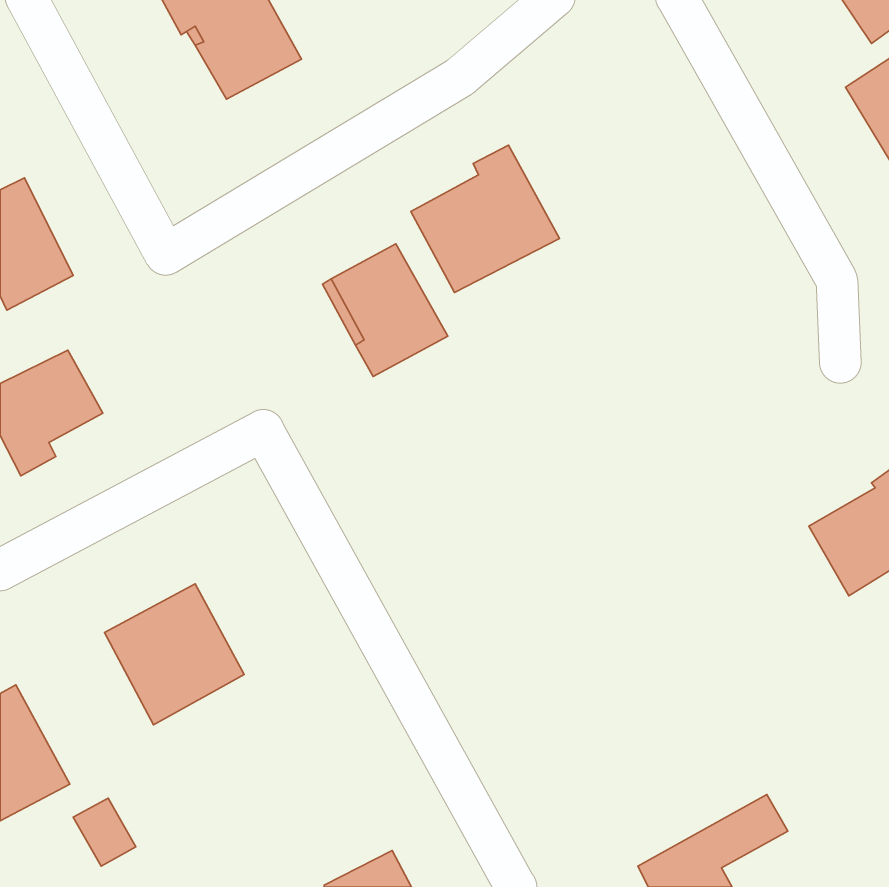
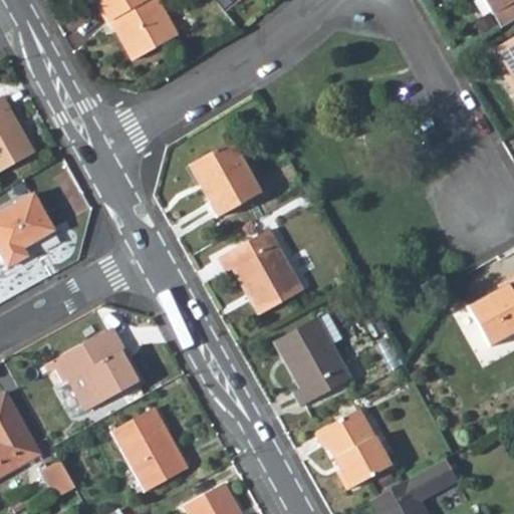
building: [411,145,559,292] -> none
building: none -> [216,228,300,313]
building: none -> [273,311,350,407]
building: none -> [313,410,388,490]
building: none -> [119,417,191,495]

